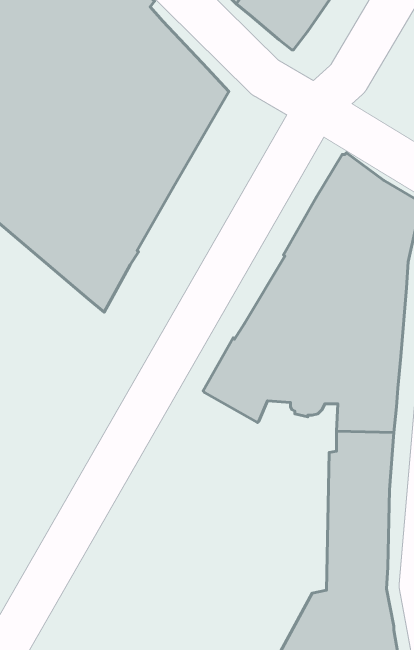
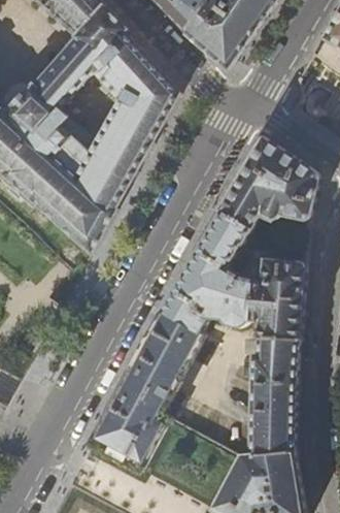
building: none -> [90,309,216,472]

